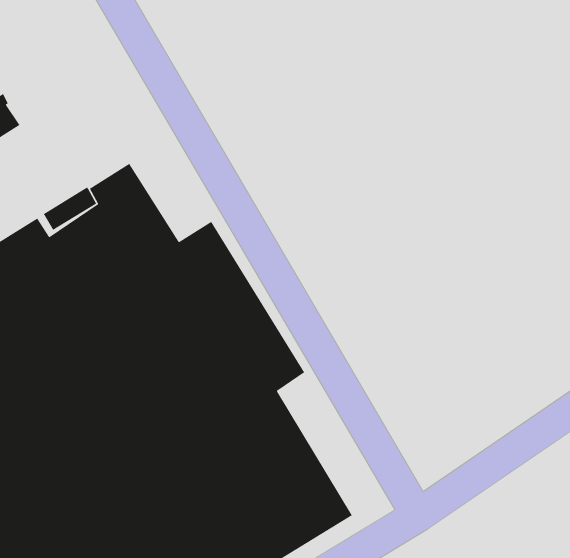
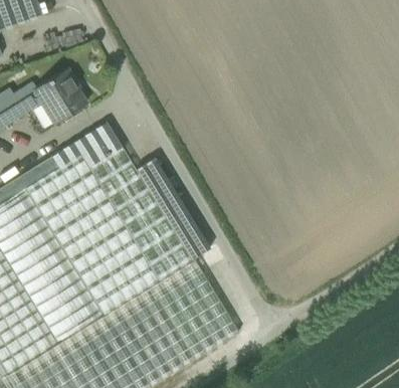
building: none -> [33,69,85,124]

